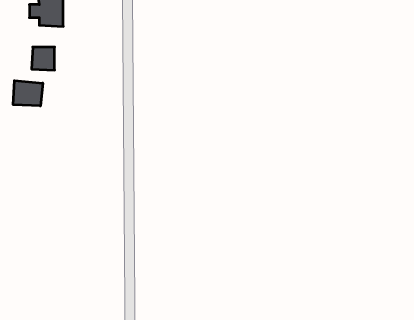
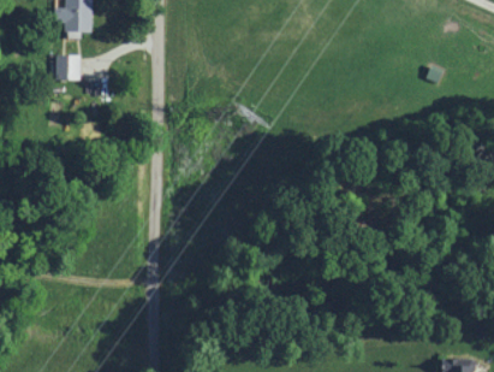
building: [13,81,43,106] -> none

